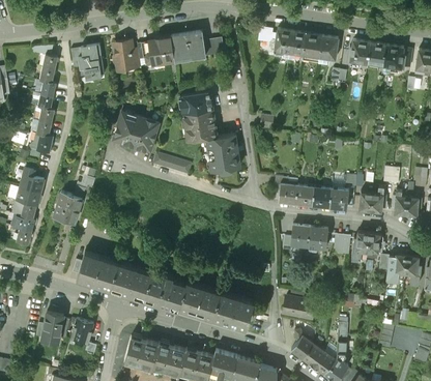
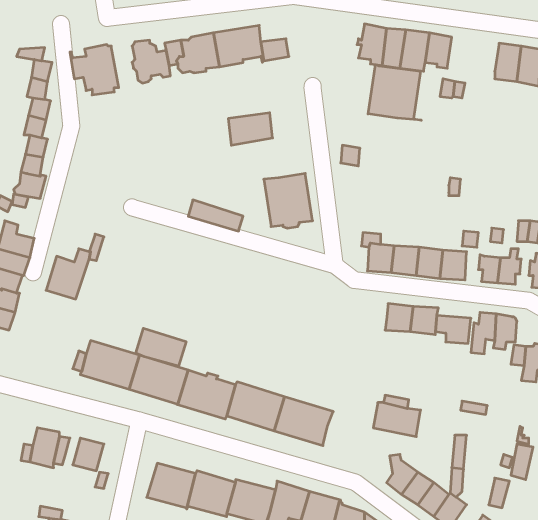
building: [347,40,371,63] -> none
building: none -> [368,65,421,120]
building: [183,110,217,142] -> none
building: [114,112,160,150] -> none
building: none -> [136,328,186,366]

